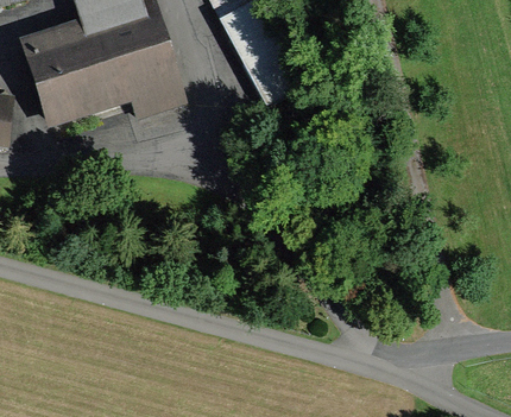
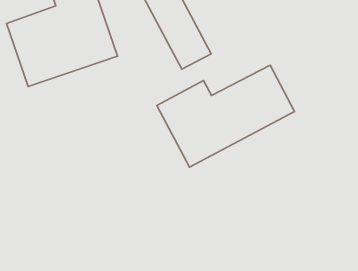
building: none -> [157,65,295,167]

